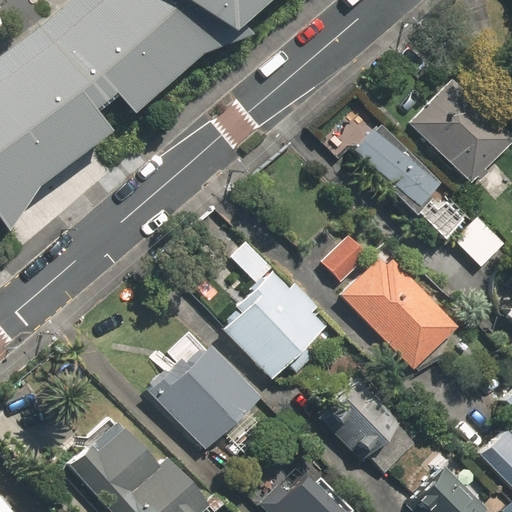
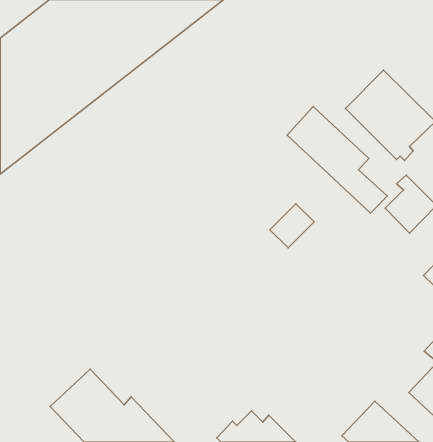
building: [222,243,330,382] -> none
building: [343,256,457,369] -> none
building: [149,328,270,451] -> none
building: [322,379,401,458] -> none

